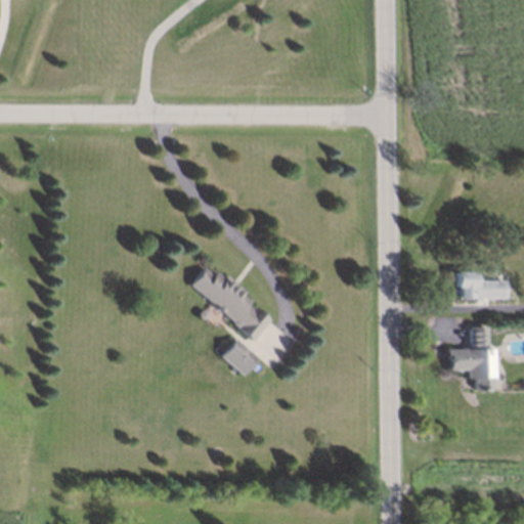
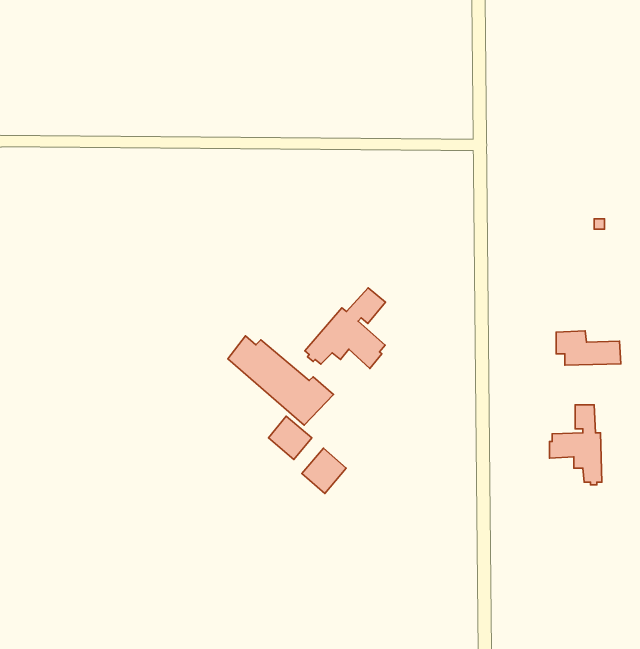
building: none -> [305,288,386,369]
building: none -> [302,448,346,493]

